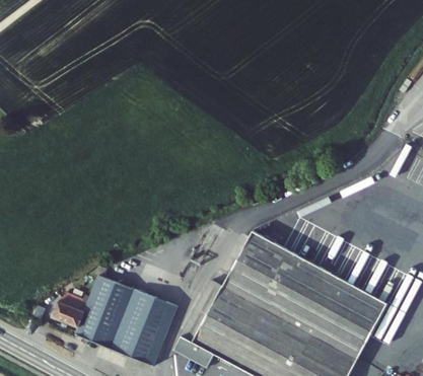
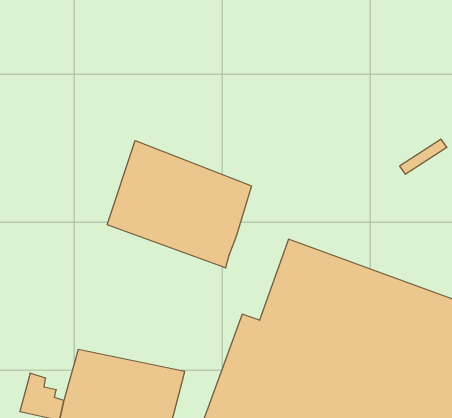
building: none -> [107,141,252,268]

